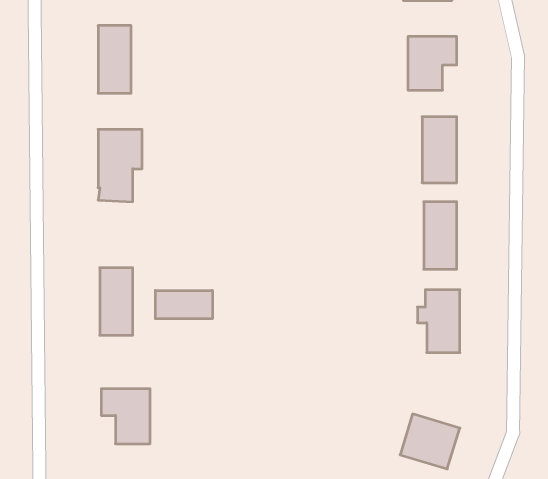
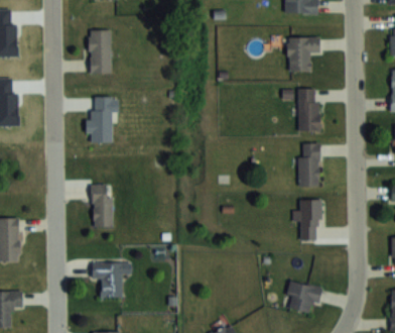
building: [155,290,212,319] -> none

